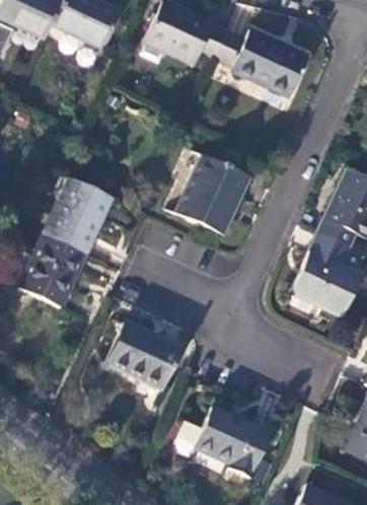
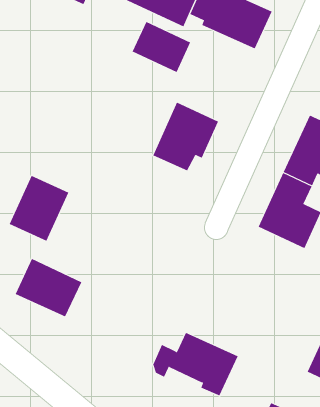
building: none -> [132,21,191,73]
building: [43,178,111,255] -> none
building: [105,323,179,388] -> [15,258,82,317]

